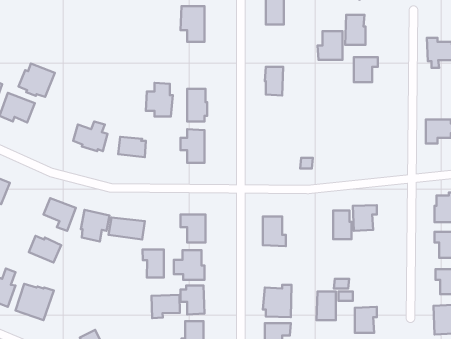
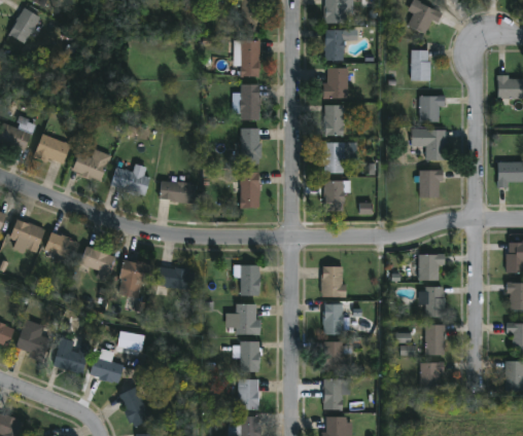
building: [318,31,342,60] -> [320,68,347,99]
building: [18,63,55,97] -> [76,146,115,182]
building: [146,83,173,116] -> [231,84,259,120]
building: none -> [410,130,444,161]
building: none -> [321,142,350,173]
building: none -> [414,171,442,198]
building: none -> [323,181,350,212]
building: [333,210,351,239] -> [424,287,444,318]
building: [29,236,61,263] -> [49,233,84,262]
building: [143,249,164,278] -> none
building: none -> [321,304,343,336]
building: none -> [123,331,150,352]
building: [317,292,336,320] -> [423,325,444,356]
building: none -> [93,350,128,385]
building: [151,295,180,318] -> none

